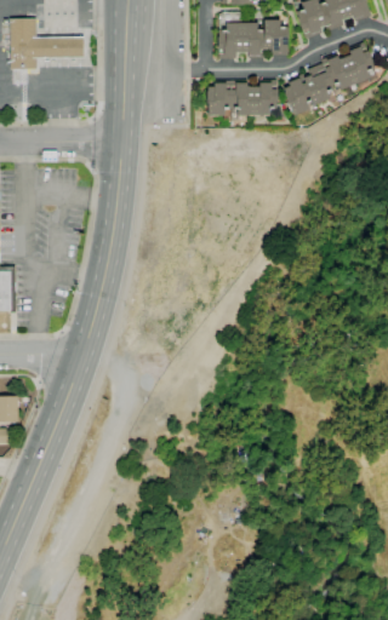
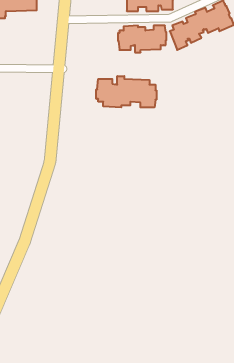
building: none -> [96,76,156,107]

